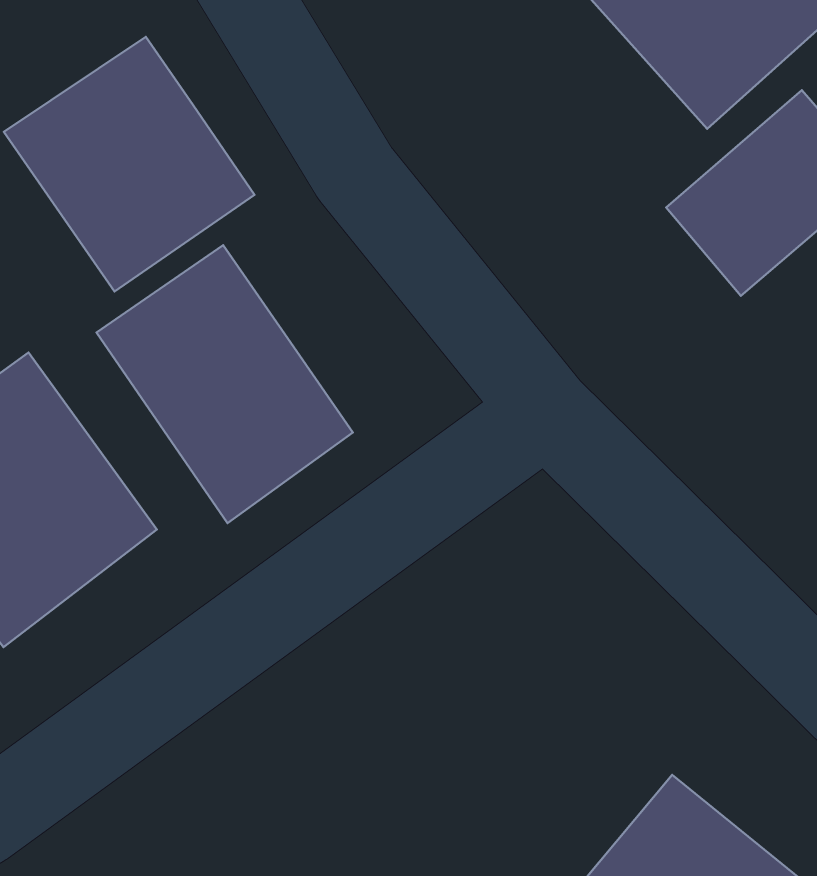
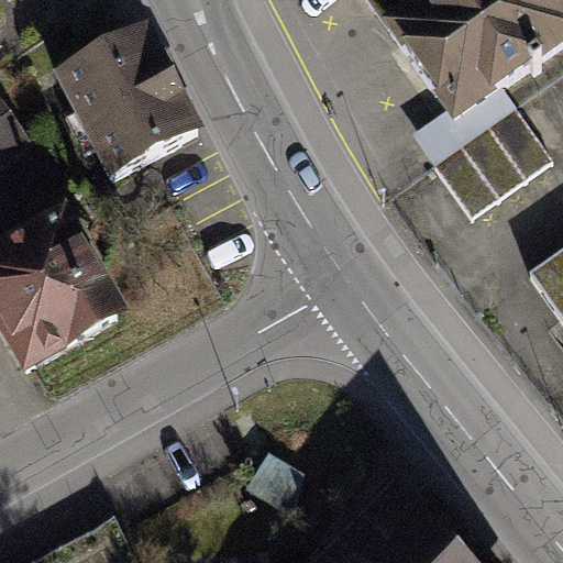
building: [96,245,353,523] -> none

